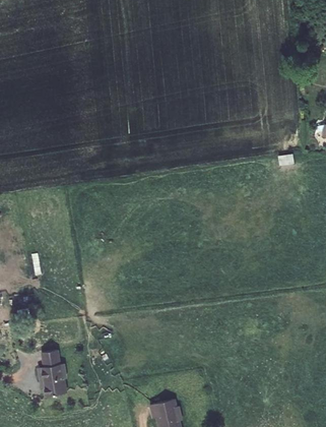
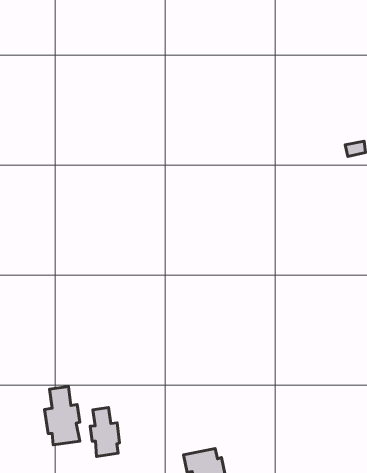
building: none -> [90,408,120,456]

